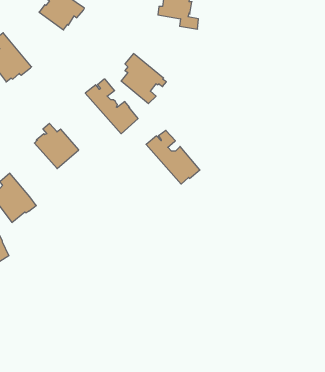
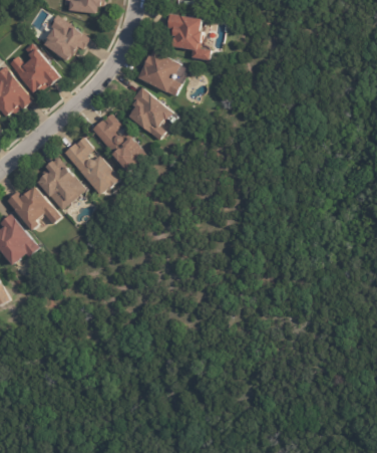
building: none -> [8,42,61,93]
building: none -> [137,49,181,95]
building: [146,130,200,184] -> [62,137,119,194]
building: none -> [6,186,61,231]

